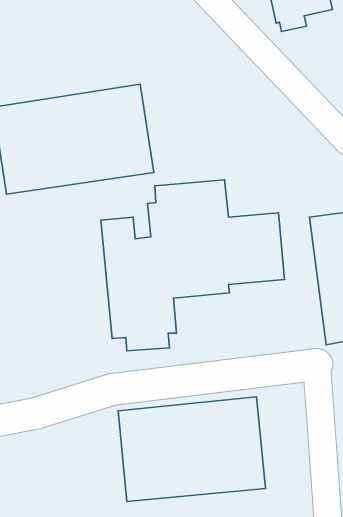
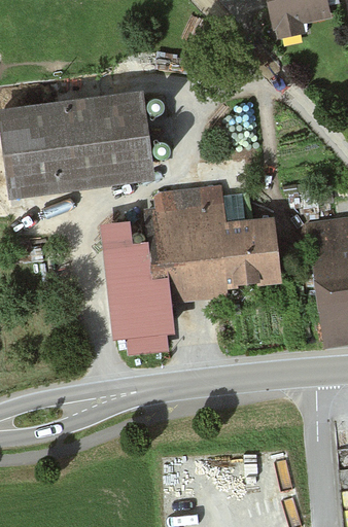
building: [118,397,265,501] -> none

